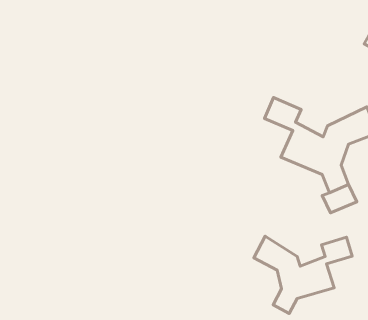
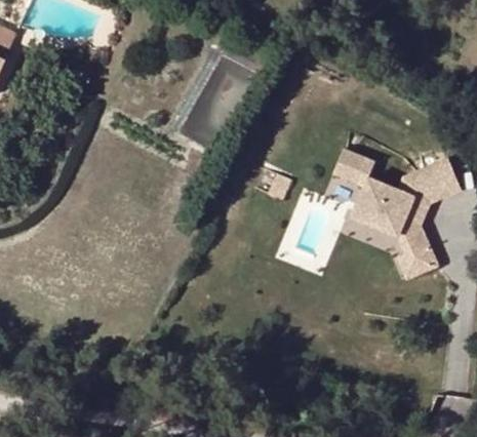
building: [254,236,352,314] -> none

